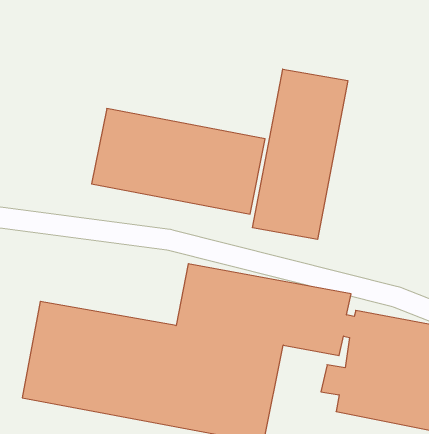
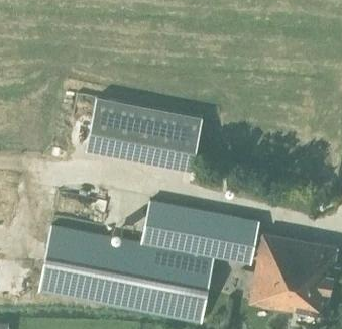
building: [253,69,348,239] -> none

